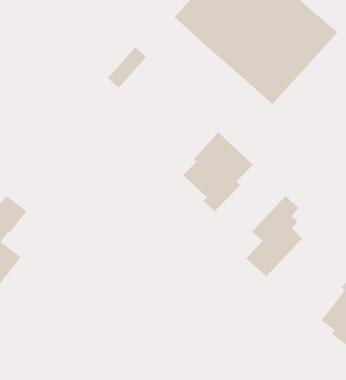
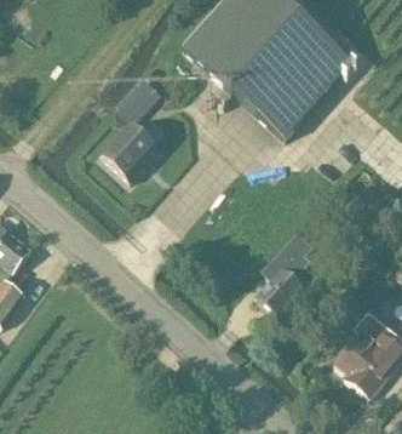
building: none -> [102,124,159,181]
building: [182,131,254,212] -> none

